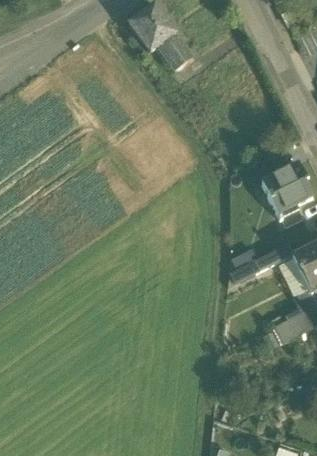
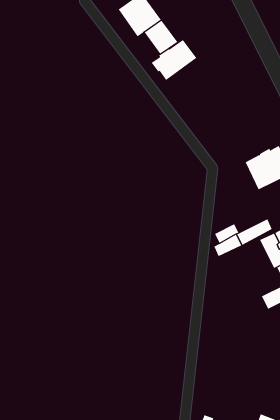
building: none -> [151,39,197,81]

